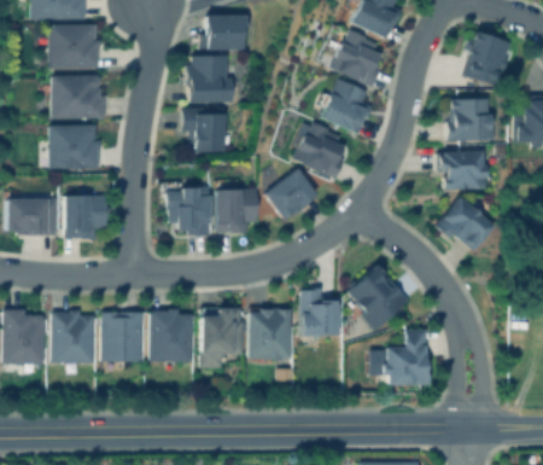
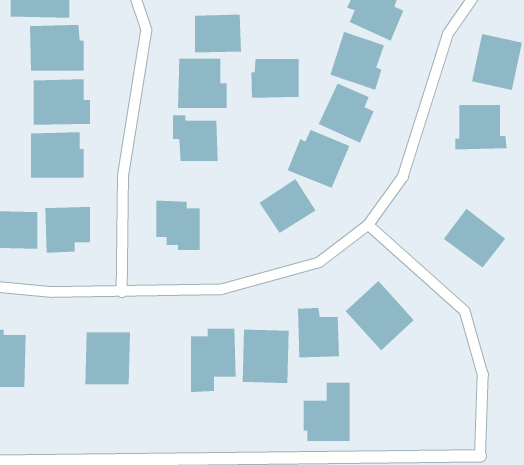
building: none -> [251,58,299,99]
building: [439,150,487,190] -> none
building: [215,188,259,232] -> none
building: [151,309,194,361] -> none
building: [51,310,97,364] -> none
building: [384,330,428,385] -> [303,382,350,442]

